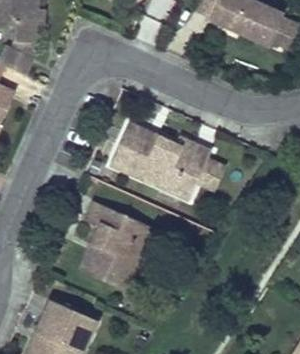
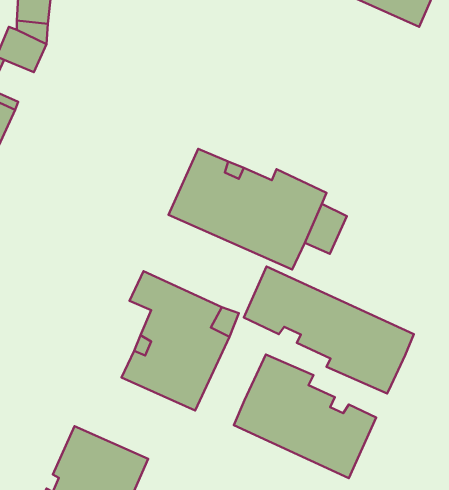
building: none -> [244,266,414,394]
building: none -> [234,355,376,478]

